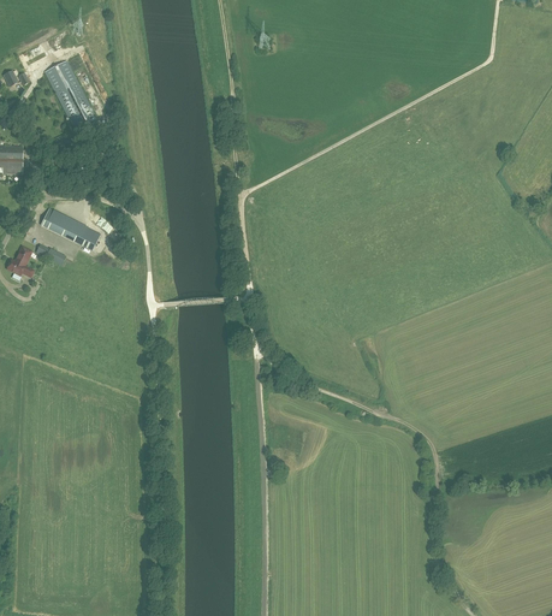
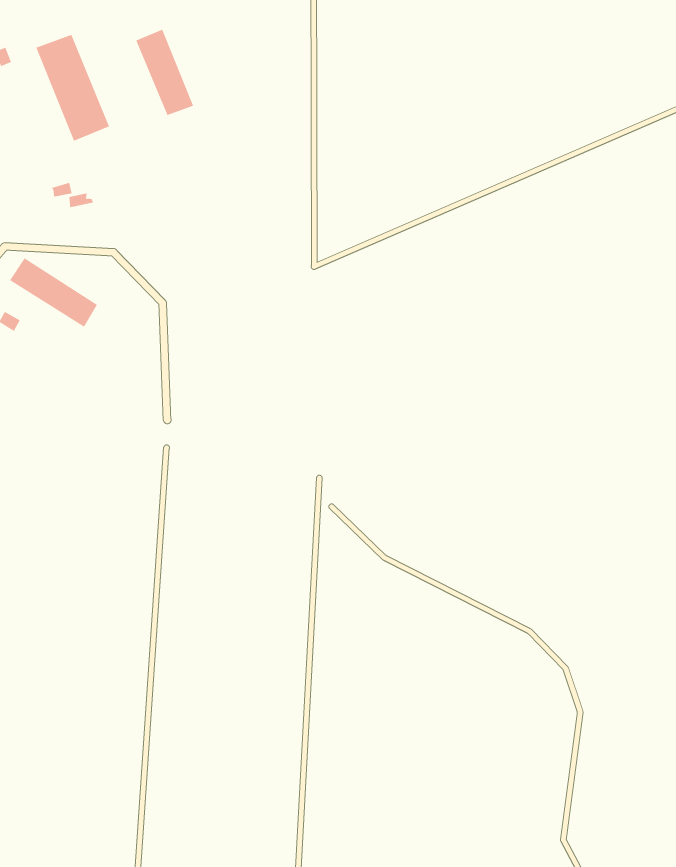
building: none -> [135,29,194,116]

